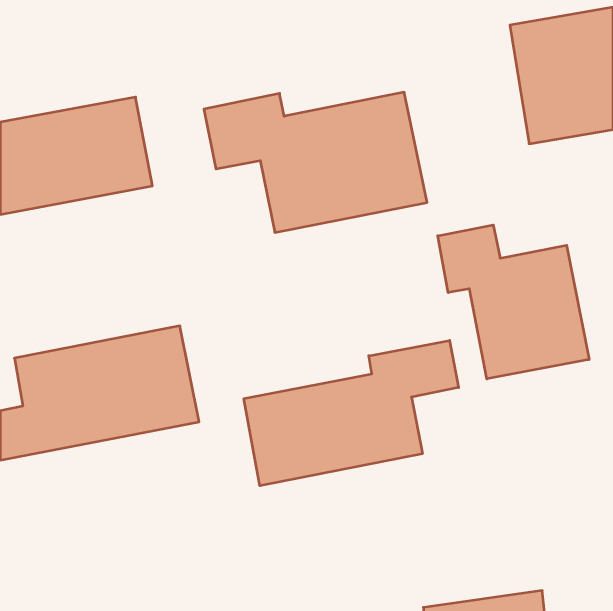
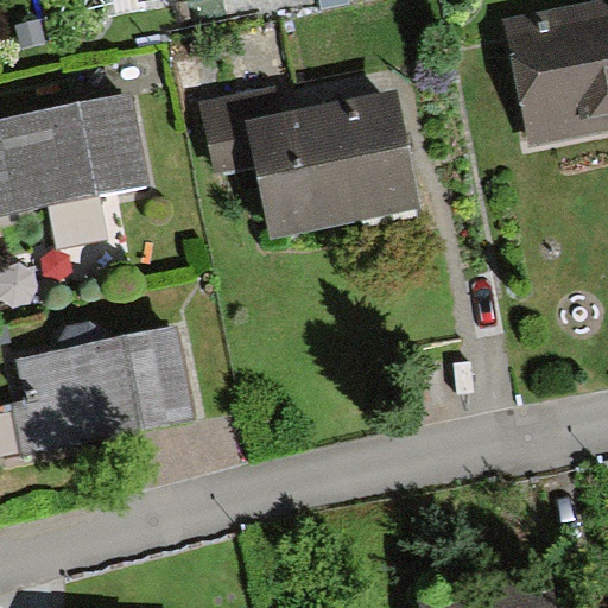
building: [438,225,589,379] -> none
building: [244,340,459,486] -> none

